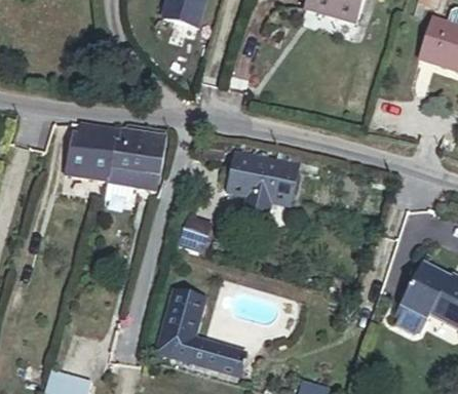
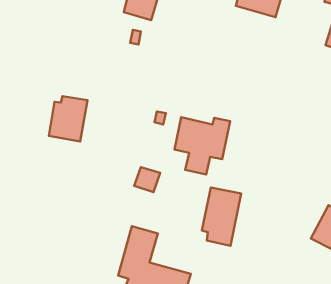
building: [107,127,165,190] -> none
building: none -> [202,187,241,246]

